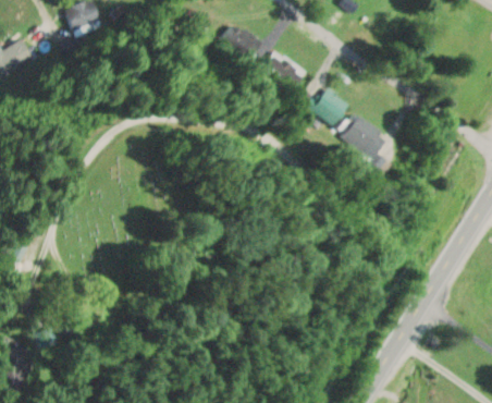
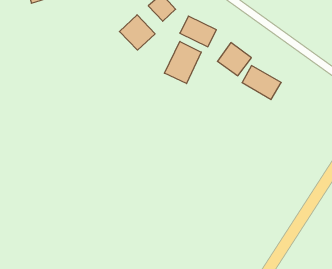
building: none -> [119,15,155,50]
building: none -> [164,41,201,84]

